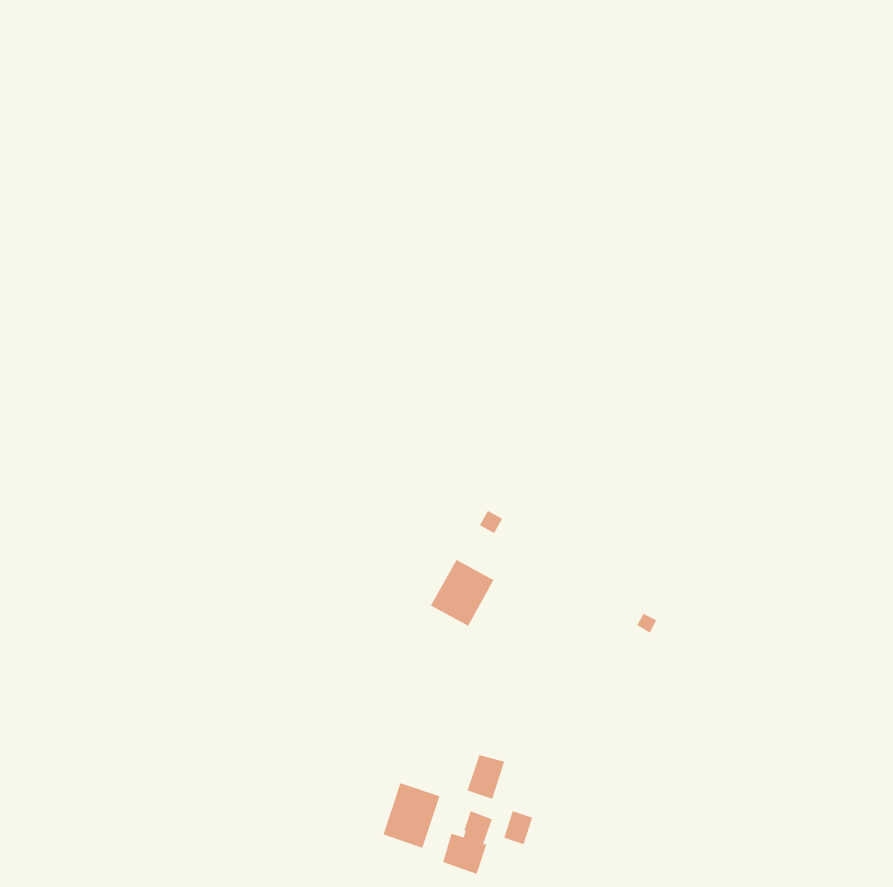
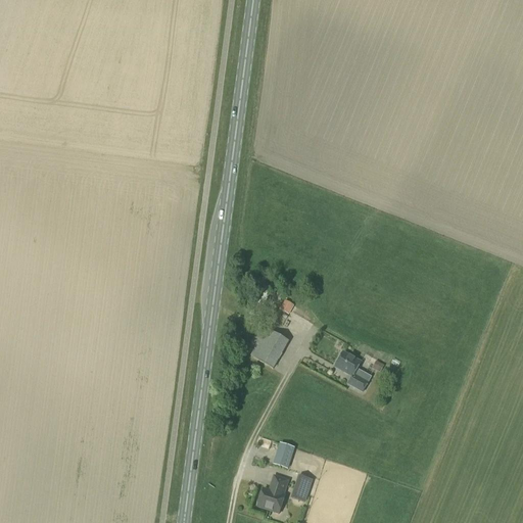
building: none -> [335,350,371,389]
building: [382,782,441,849] -> none

